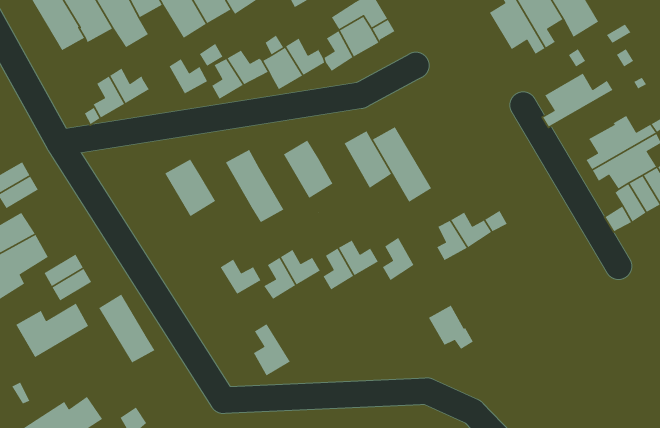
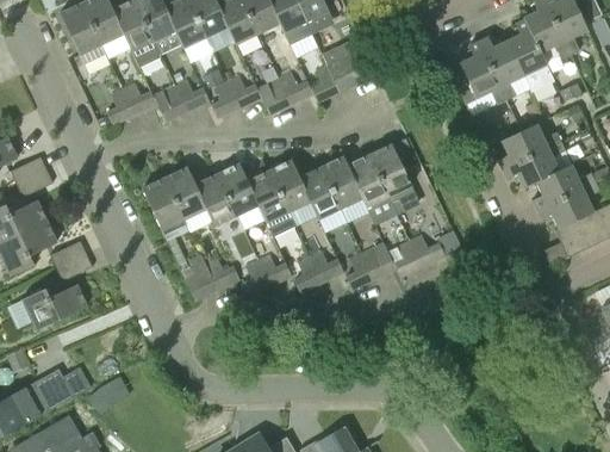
building: none -> [152,85,187,122]
building: none -> [502,141,565,187]
building: none -> [368,144,418,212]
building: none -> [299,166,341,218]
building: none -> [247,171,294,236]
building: none -> [195,173,236,225]
building: [98,293,155,364] -> [142,178,188,240]
building: [428,304,474,350] -> [362,242,400,283]
building: [253,323,291,376] -> [185,254,217,301]

